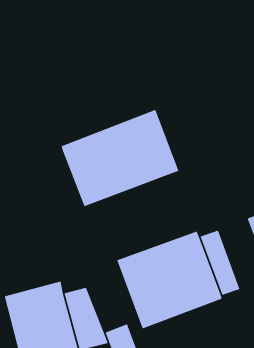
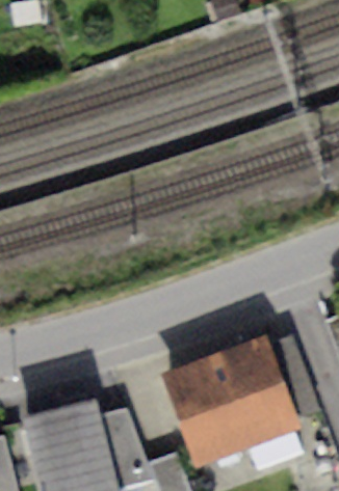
building: [60,109,179,207] -> none

